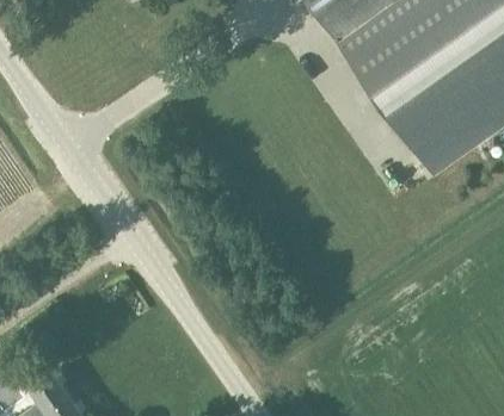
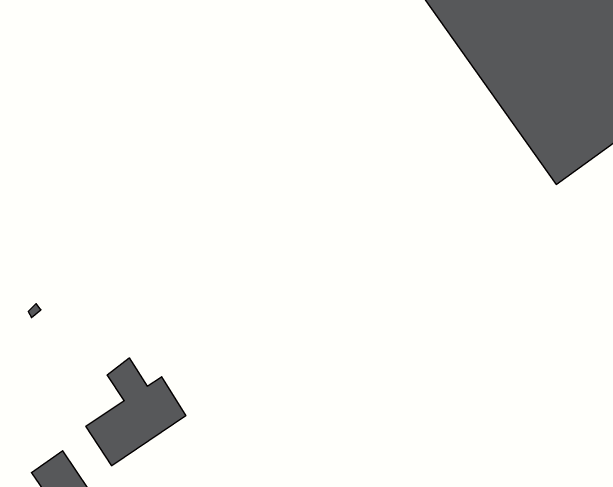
building: none -> [86,358,186,466]

